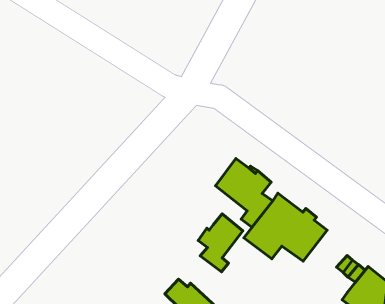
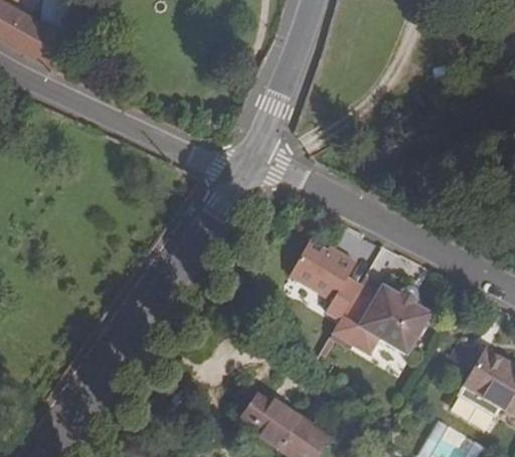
building: [198,214,243,272] -> none

